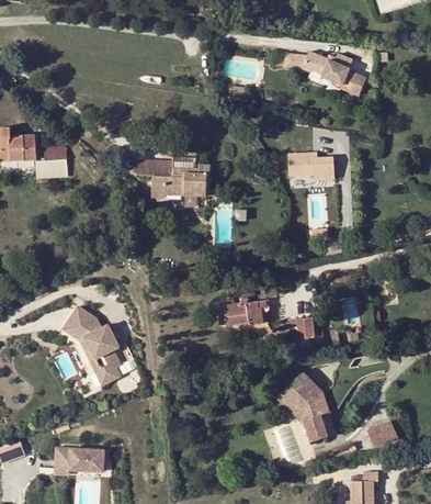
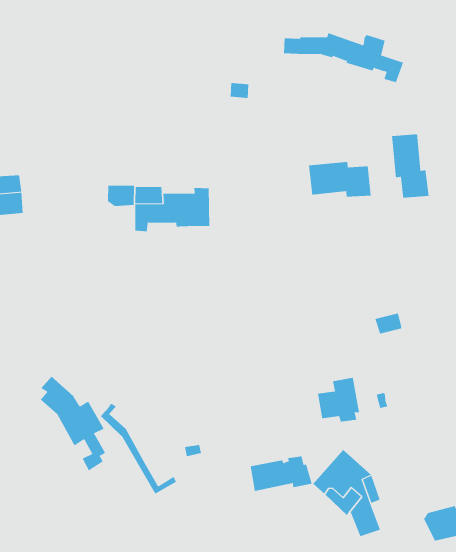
building: none -> [391,134,429,199]
building: [217,301,264,326] -> [250,456,312,492]
building: [64,312,120,384] -> [100,403,177,495]

